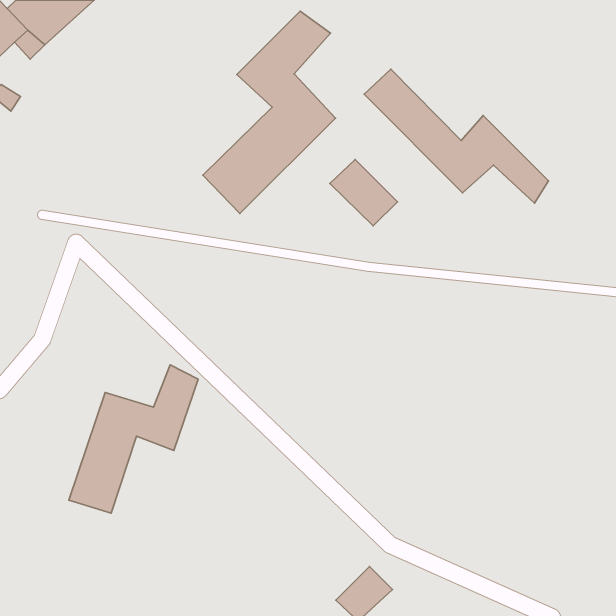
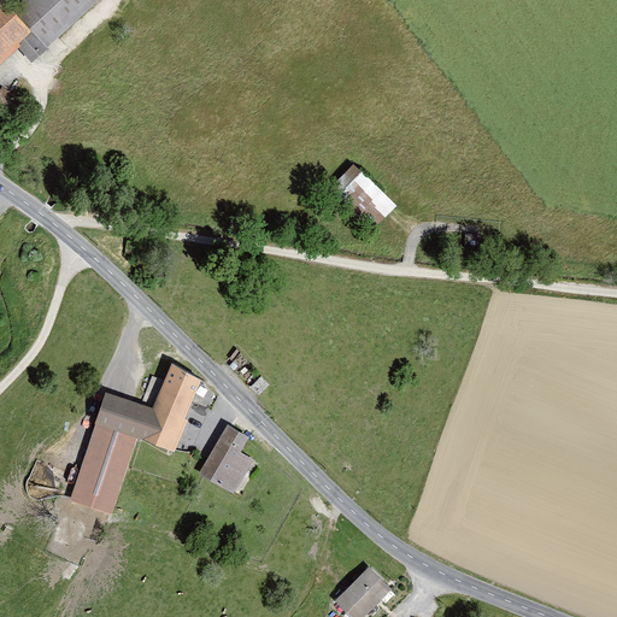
building: [203,11,336,214] -> none
building: [364,69,549,203] -> none
building: none -> [200,428,253,493]

